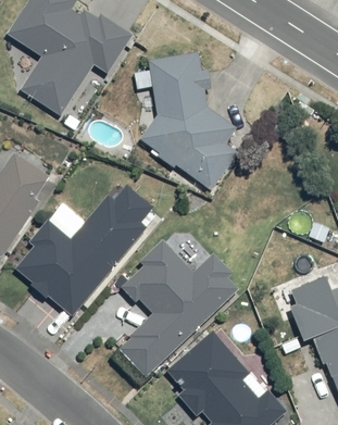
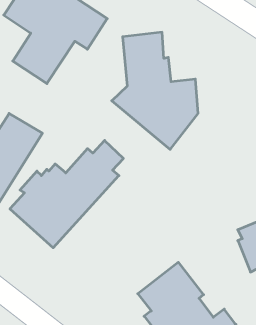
building: [118,238,241,377] -> none

